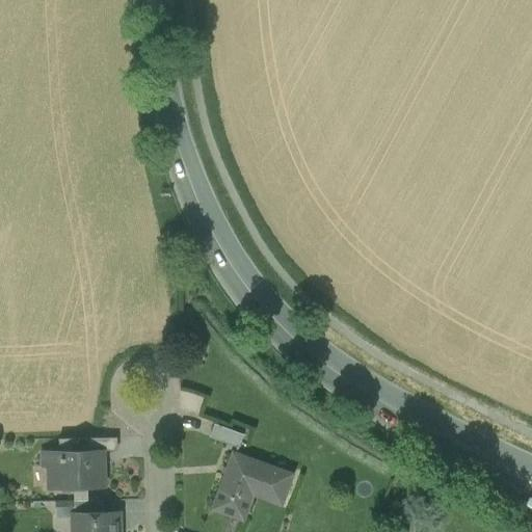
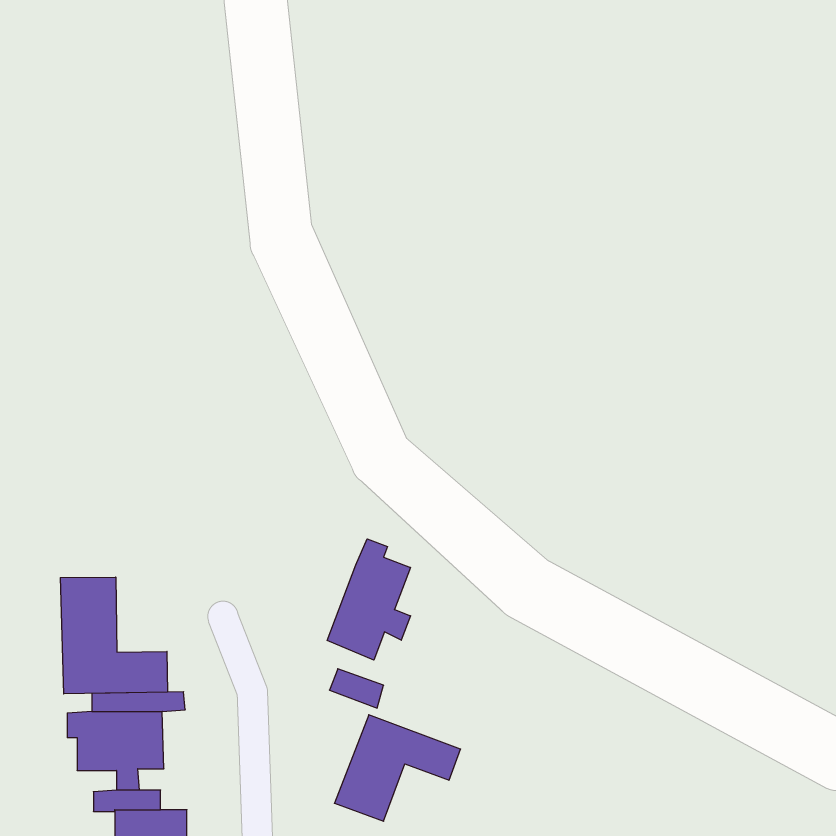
building: none -> [327,539,411,660]
building: none -> [60,577,167,694]

